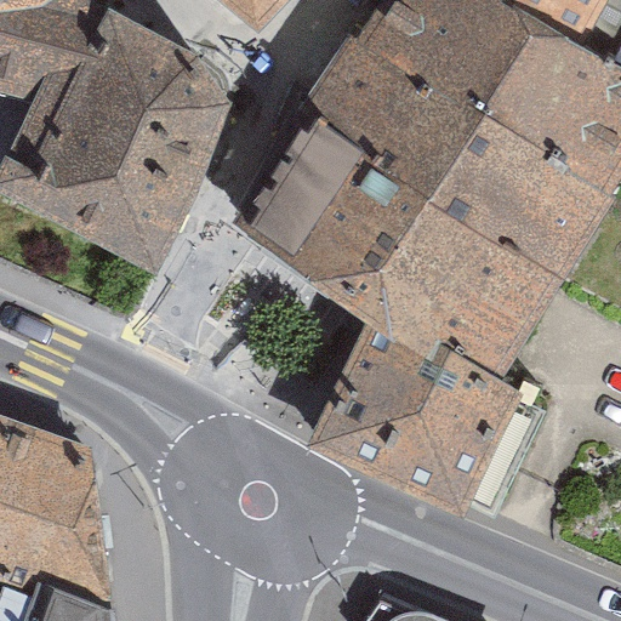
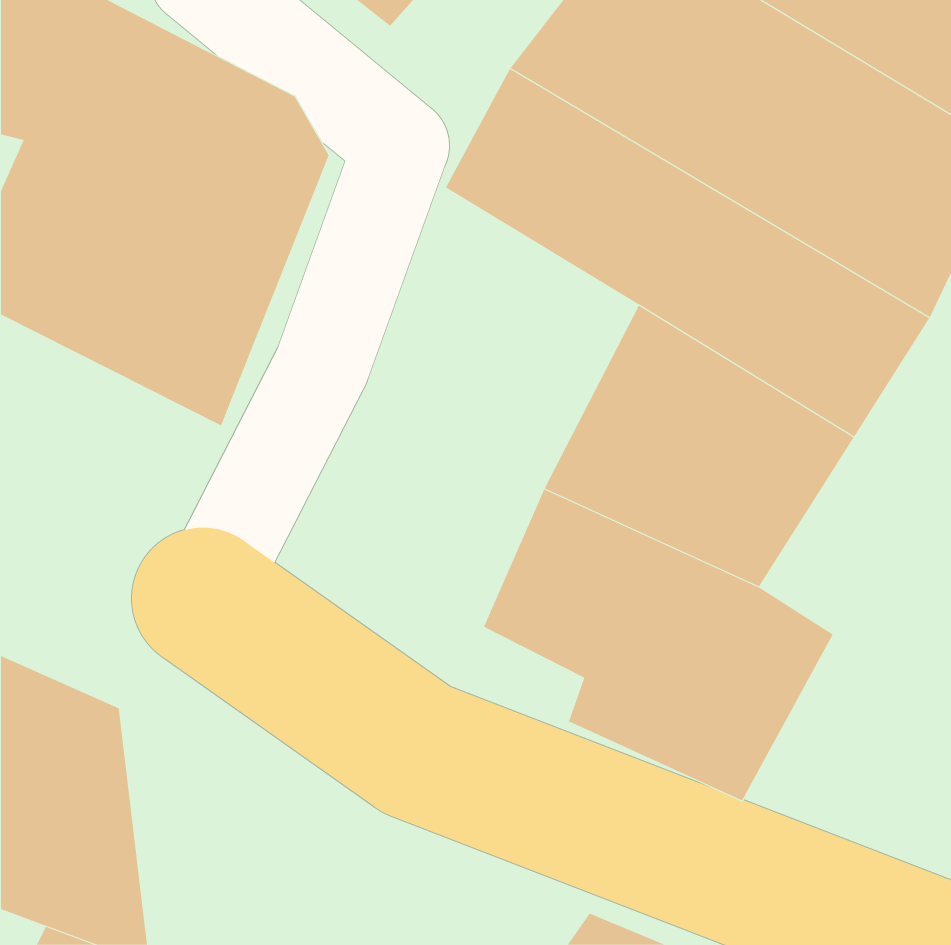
building: [244,120,420,313] -> none

